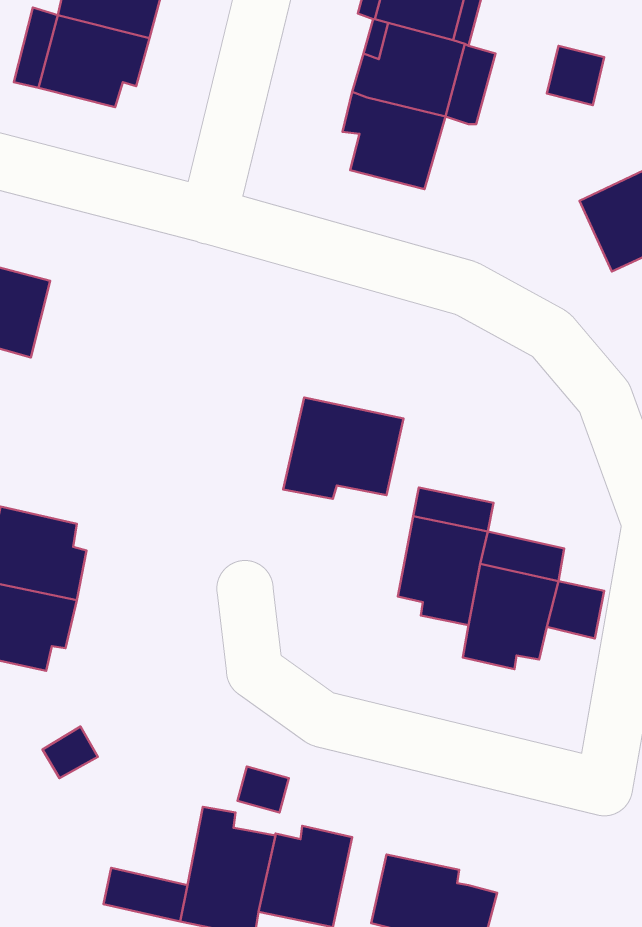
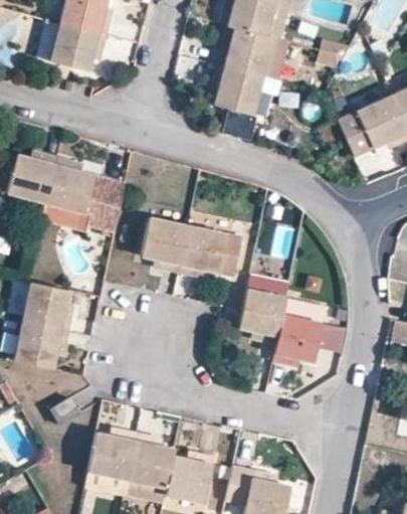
building: none -> [46,163,95,214]
building: none -> [87,174,126,230]
building: none -> [142,215,190,273]
building: none -> [88,435,137,481]

